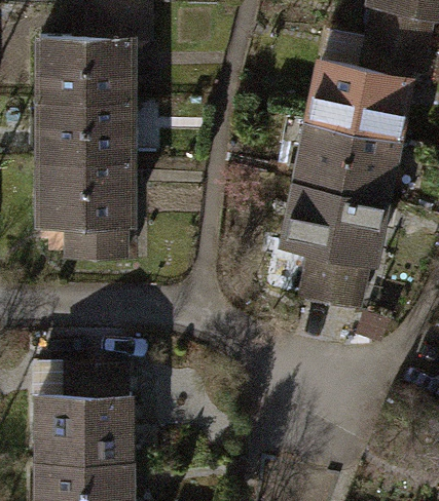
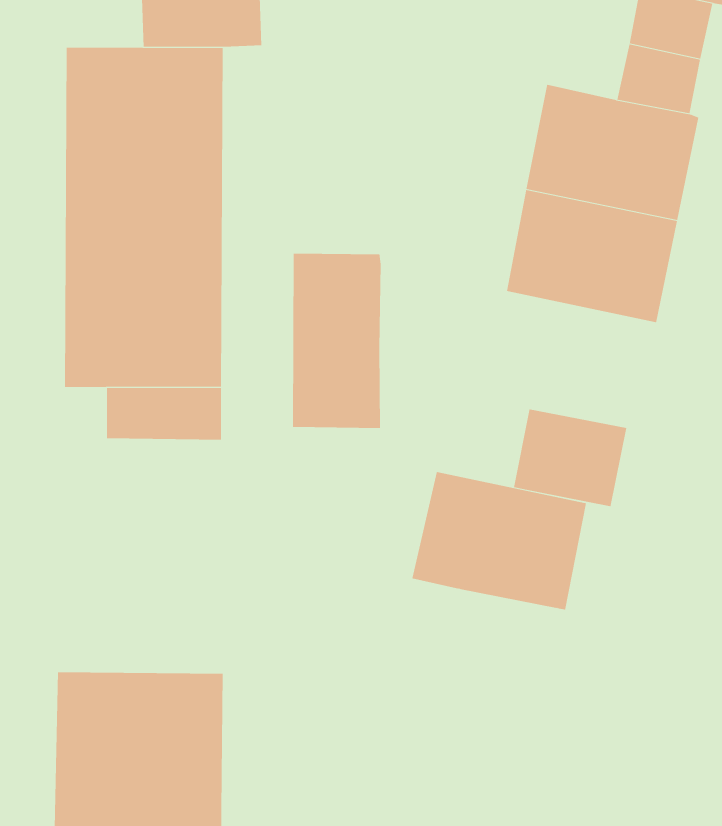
building: none -> [292,253,381,429]
building: [284,177,387,258] -> [412,472,587,610]

